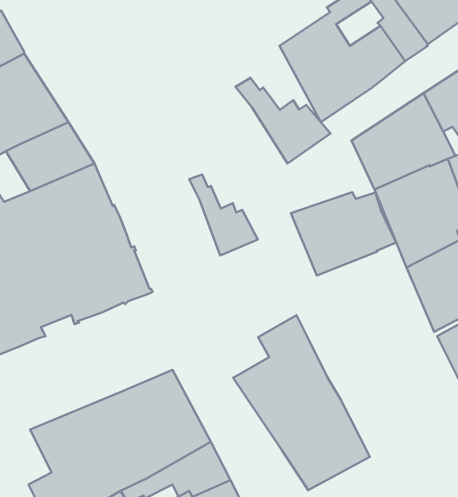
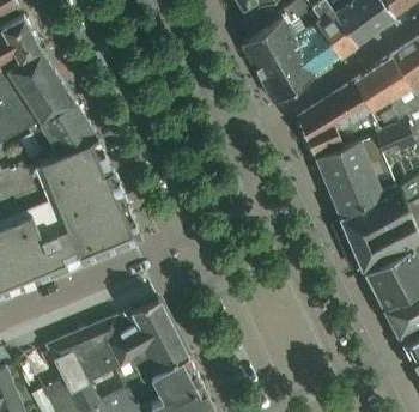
building: [236,78,331,163] -> none
building: [189,175,258,255] -> none
building: [291,192,396,275] -> none
building: [233,315,370,490] -> none

